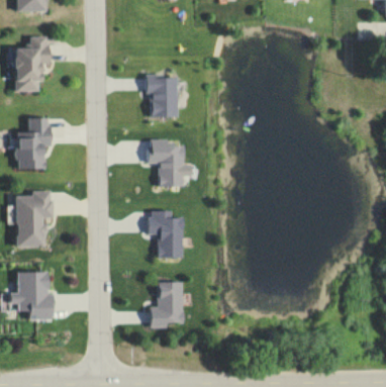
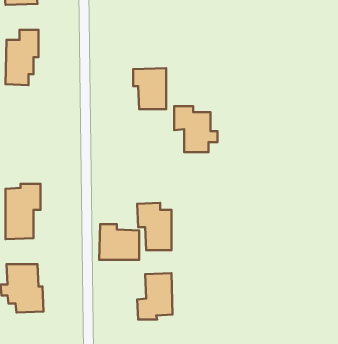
building: [16,117,52,169] -> none
building: [149,139,192,186] -> [174,106,217,152]
building: none -> [99,224,139,260]

